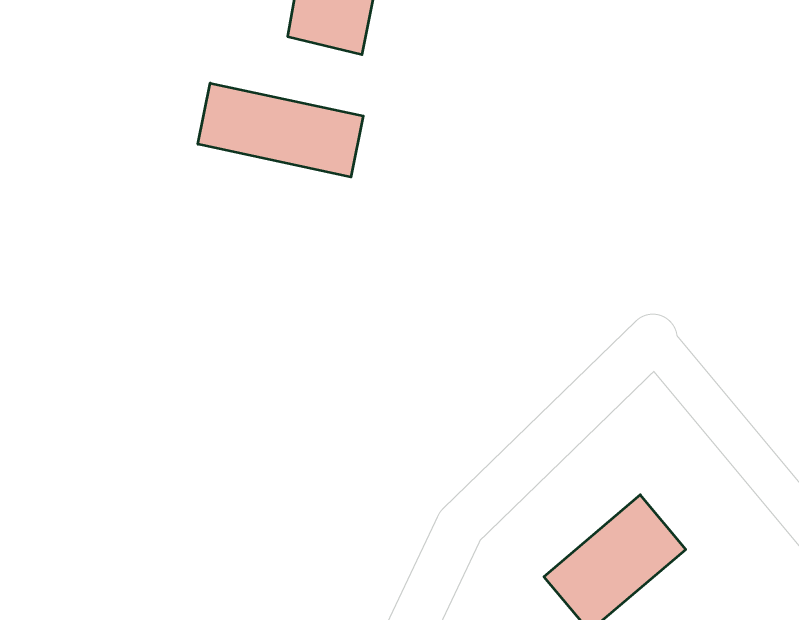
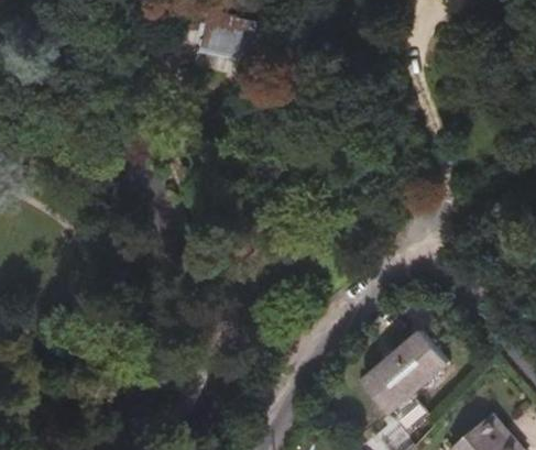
building: [198,83,363,177] -> none

